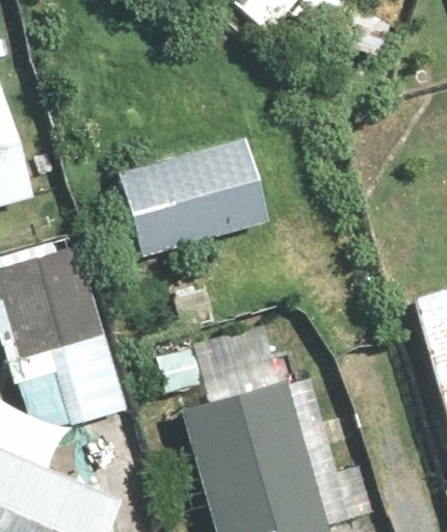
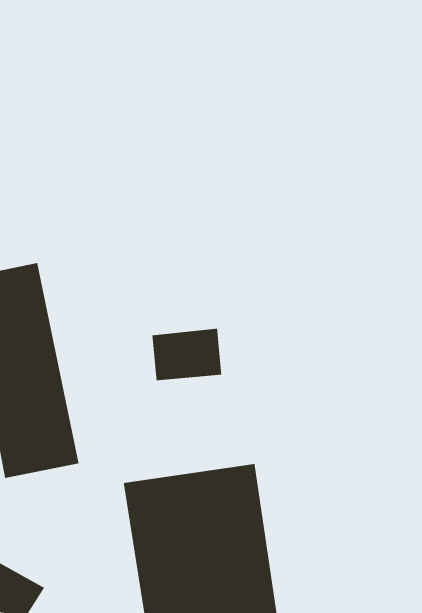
building: [111,126,270,259] -> none

